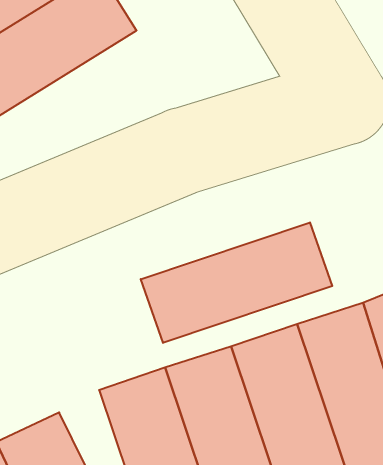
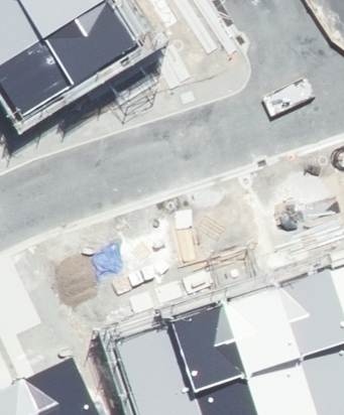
building: [141,222,332,343] -> none

